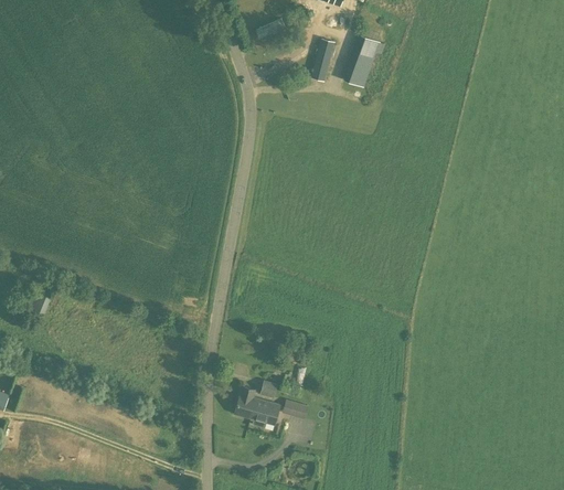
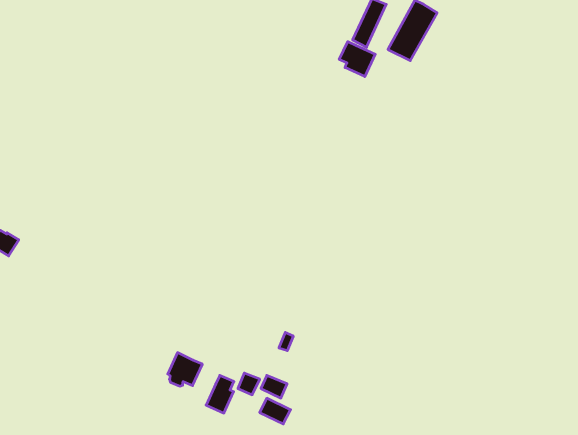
building: none -> [339,42,375,77]
building: [253,397,281,426] -> [168,353,202,386]

